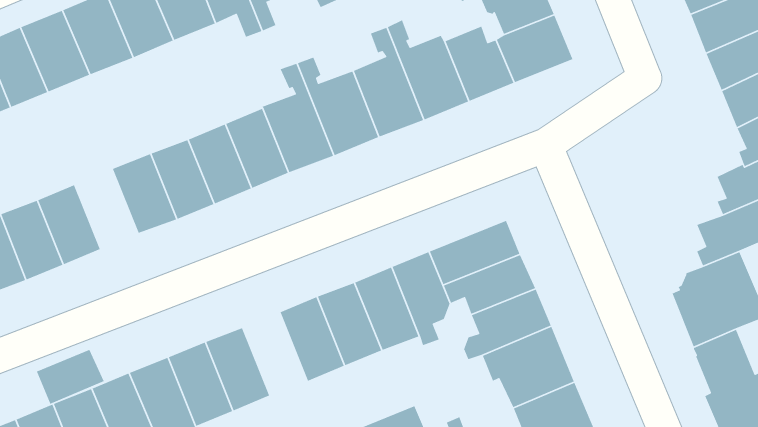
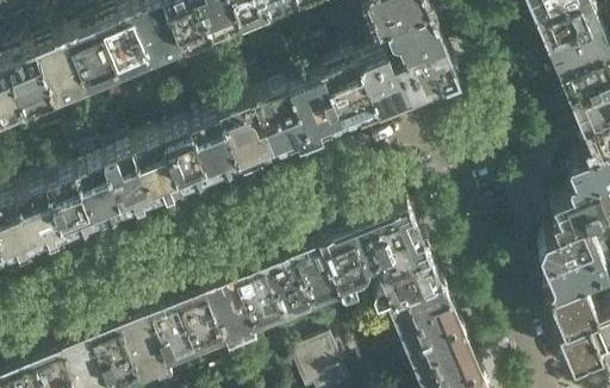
building: none -> [75,161,124,223]
building: none -> [204,270,254,334]
building: [36,349,105,405] -> none

